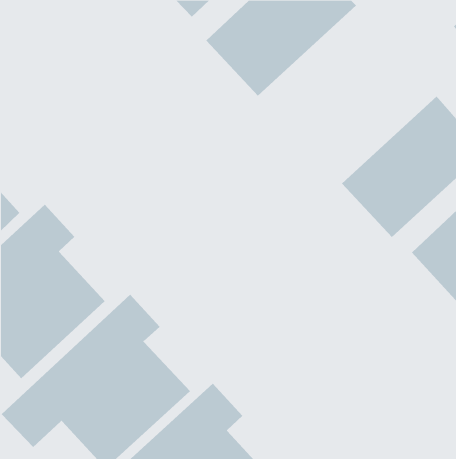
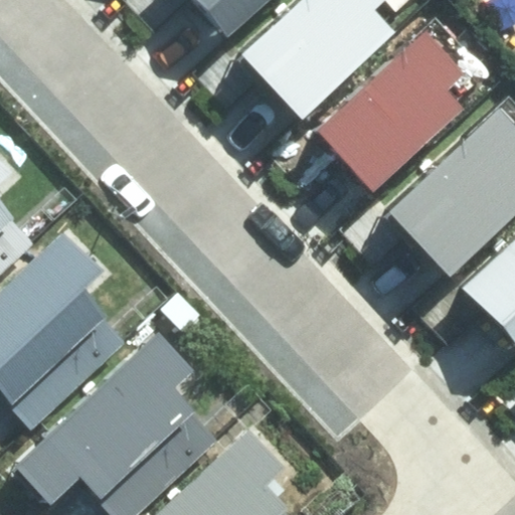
building: none -> [316,36,473,188]

